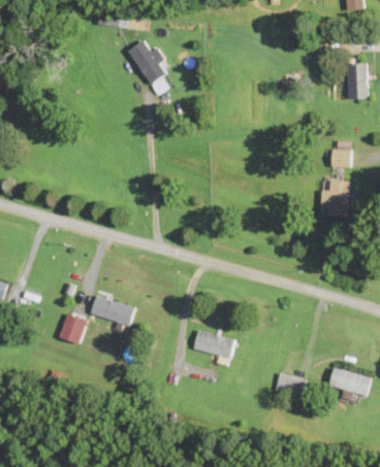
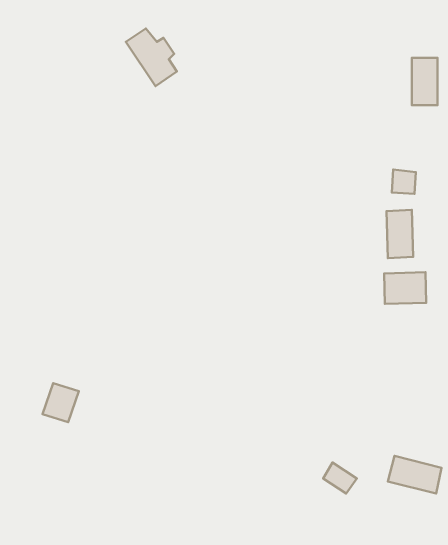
building: none -> [384,272,426,304]
building: [96,296,136,323] -> none
building: [192,330,234,359] -> none

